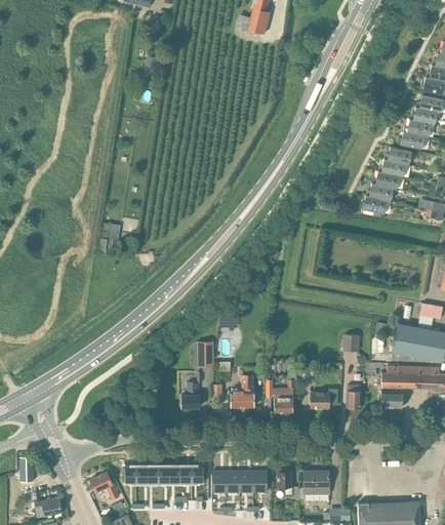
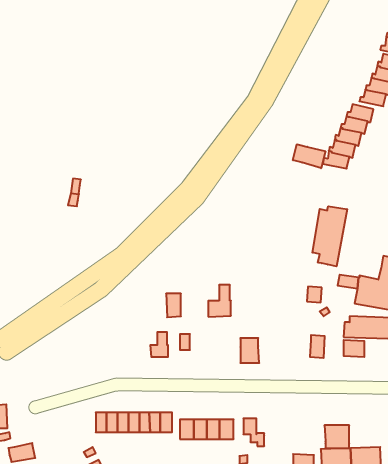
building: none -> [293,144,325,168]
building: none -> [312,206,347,266]
building: [231,374,254,407] -> [208,285,231,317]
building: [311,389,337,407] -> none
building: [90,471,120,499] -> none
building: [304,471,329,494] -> [324,425,349,448]

